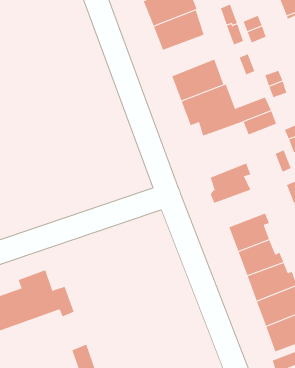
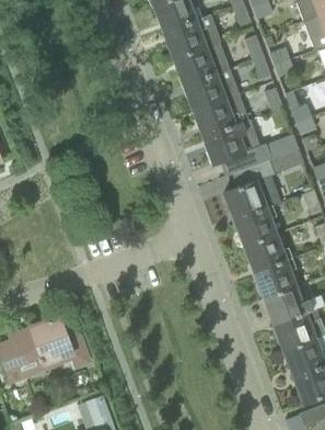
building: none -> [184,68,240,112]
building: none -> [224,176,281,219]
building: none -> [239,233,293,272]

